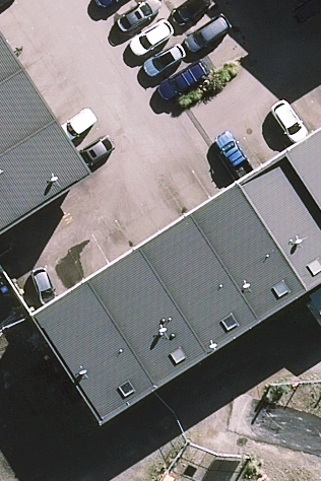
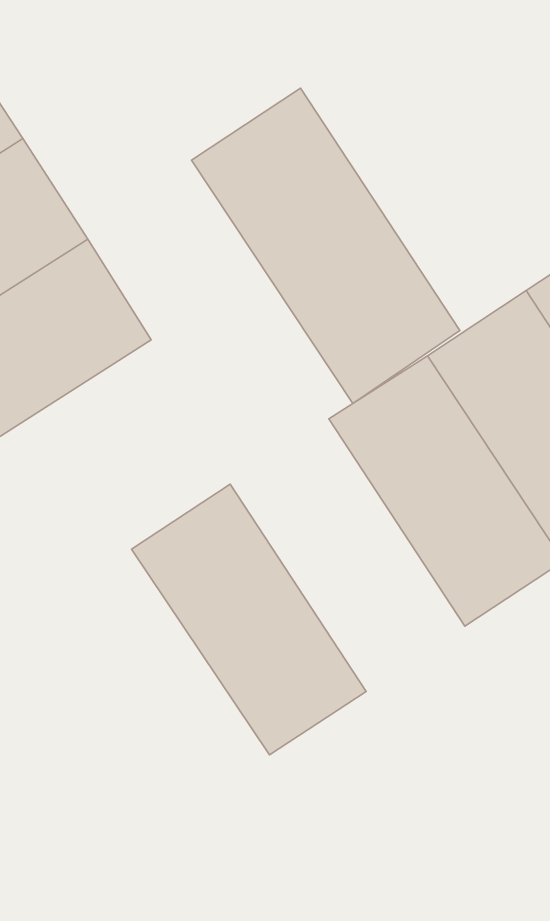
building: none -> [192,88,460,404]
building: [135,216,256,356] -> none
building: [34,283,155,422] -> none

